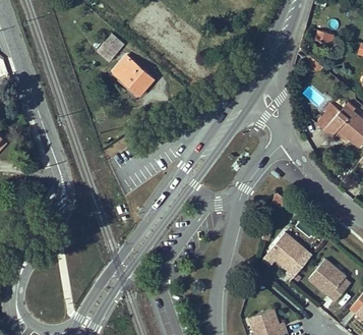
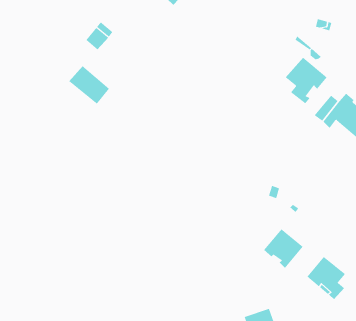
building: [113,57,153,95] -> [69,65,110,105]
building: none -> [285,57,328,104]

